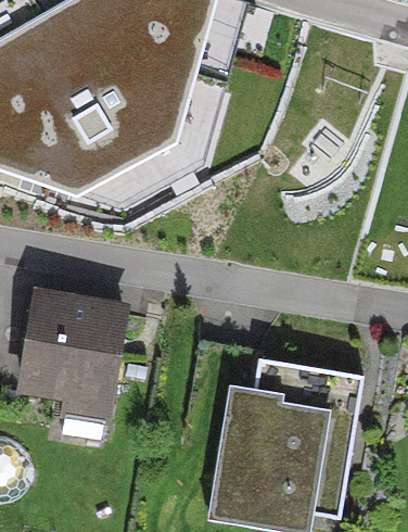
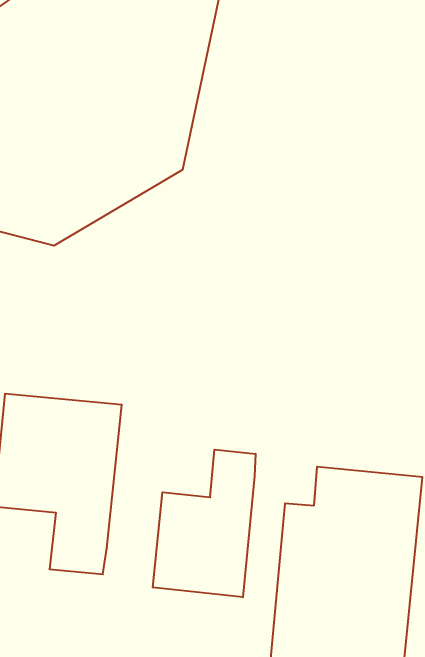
building: none -> [153,450,256,597]

